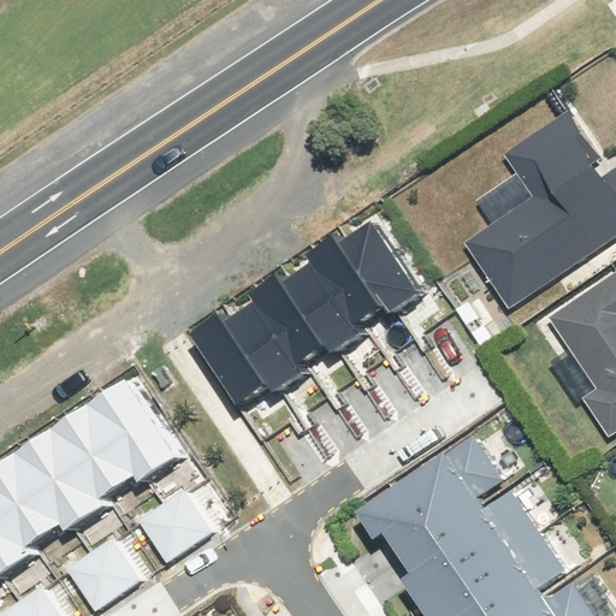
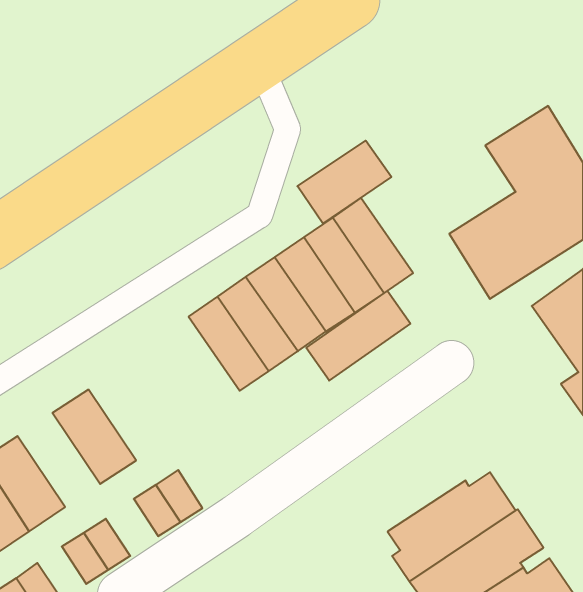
building: none -> [297,141,391,224]
building: none -> [306,291,410,381]
building: [91,381,177,479] -> none
building: [18,430,103,527] -> none
building: [361,436,498,552] -> none

